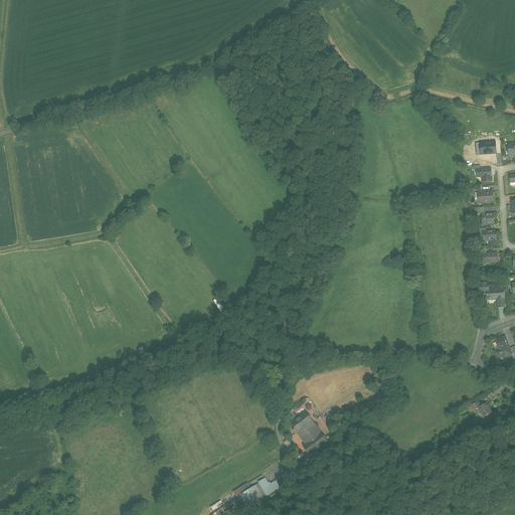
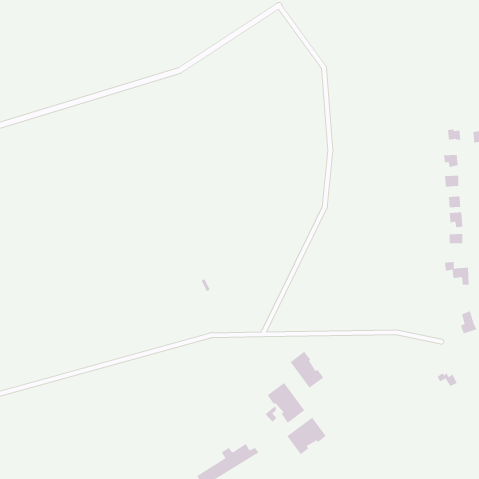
building: none -> [290,351,324,389]
building: none -> [286,417,326,455]

